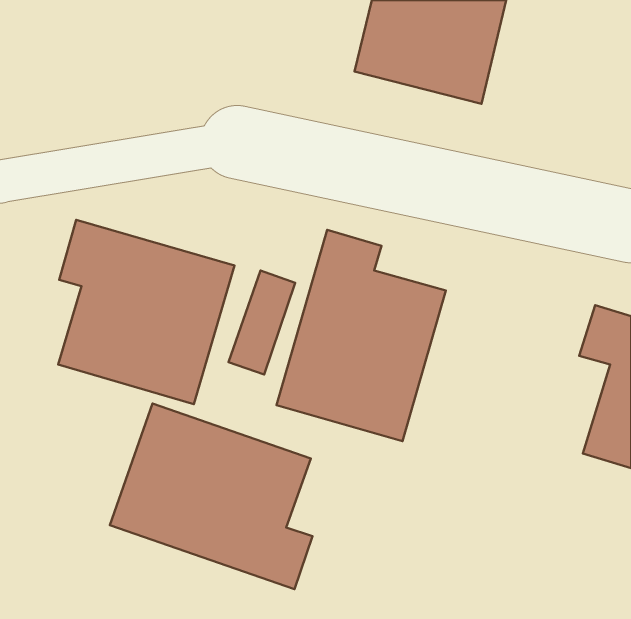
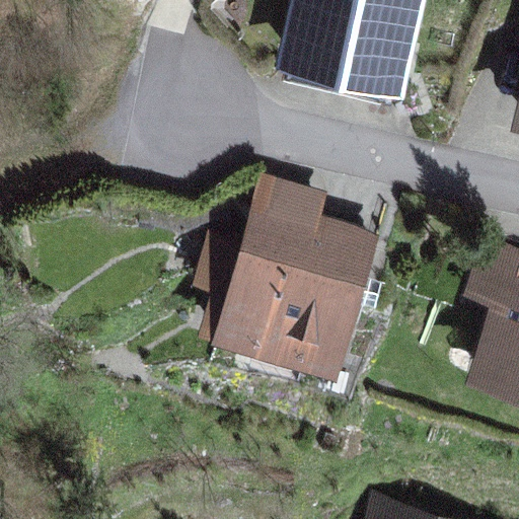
building: [58,220,234,404] -> none
building: [110,403,312,589] -> none

